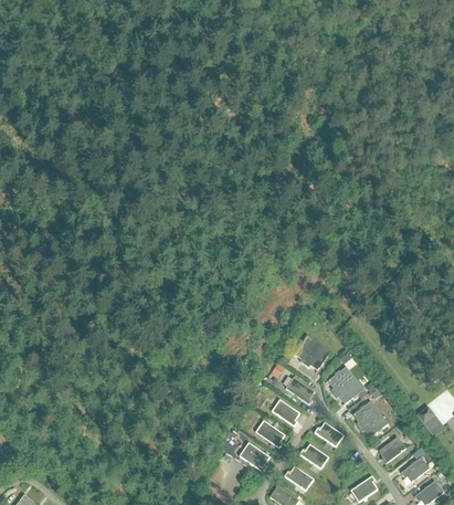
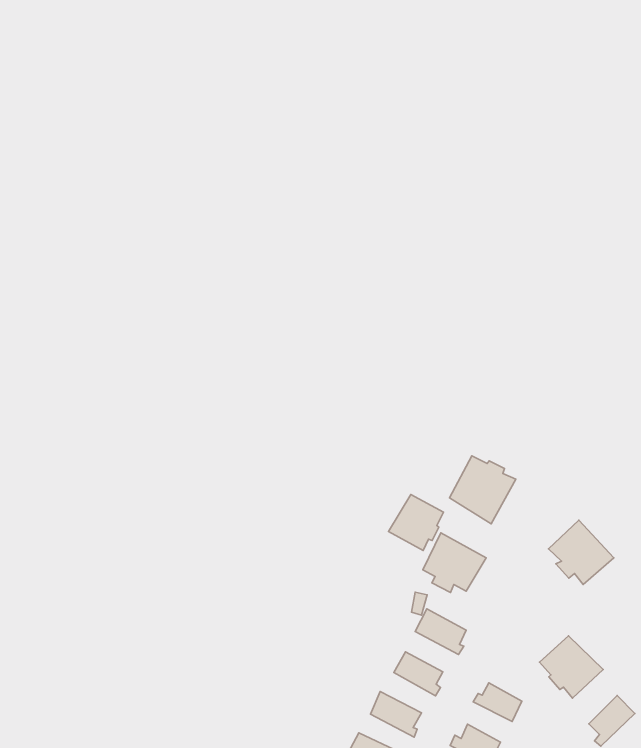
building: none -> [449,456,516,524]
building: none -> [388,495,444,551]
building: [326,366,362,402] -> [548,520,614,584]

